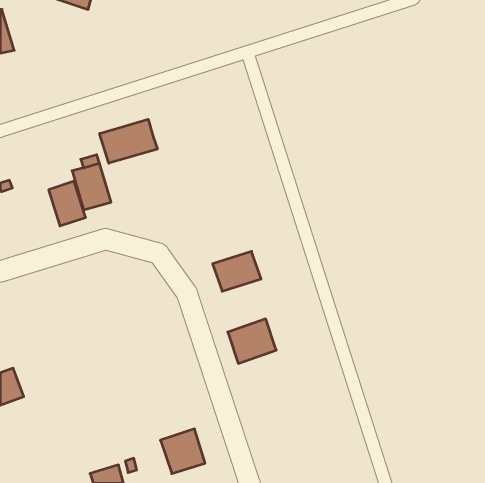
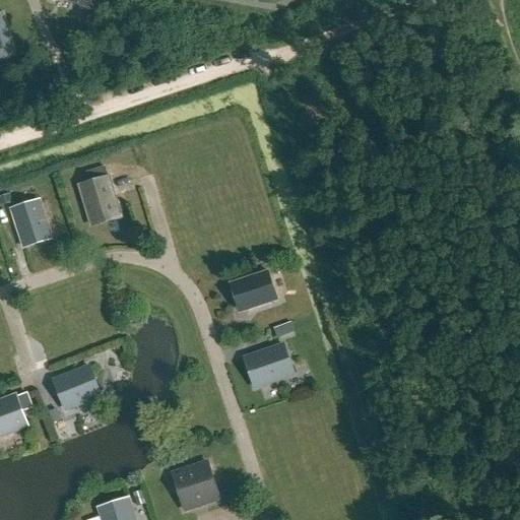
building: [100,119,157,163] -> none
building: [49,181,86,226] -> [9,199,49,247]
building: none -> [52,363,104,411]

